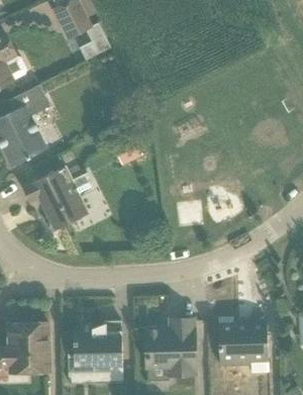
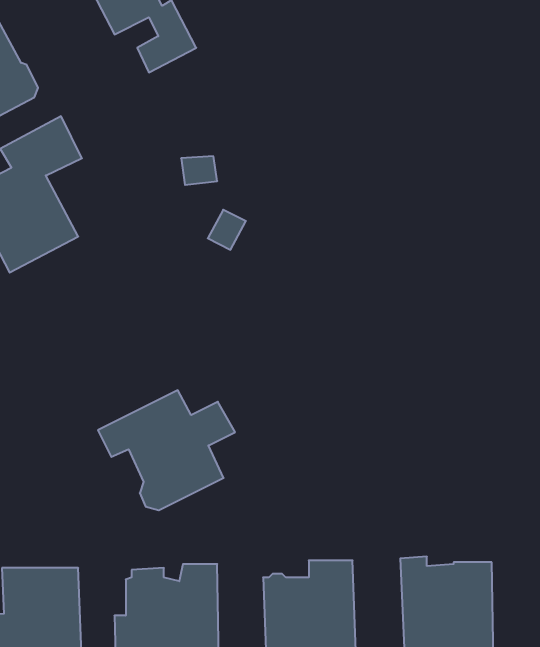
building: [22,167,95,230] -> [98,390,235,510]

